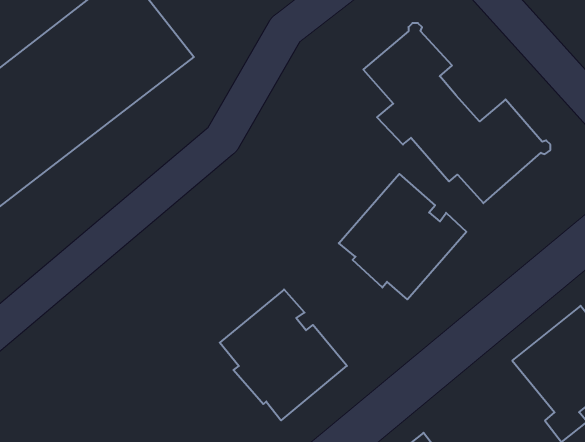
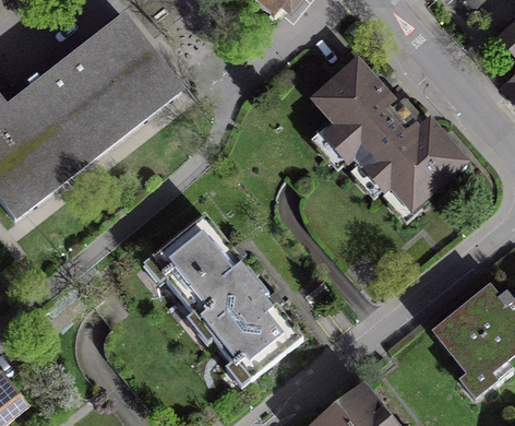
building: [339,174,466,299] -> none
building: none -> [154,214,253,319]

